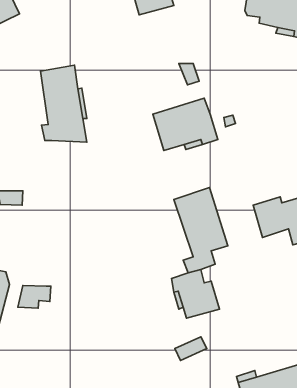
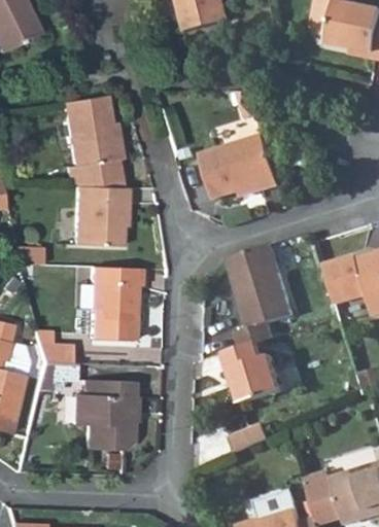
building: none -> [74,185,127,247]
building: none -> [88,266,140,340]
building: none -> [33,327,72,363]
building: none -> [70,381,132,451]

